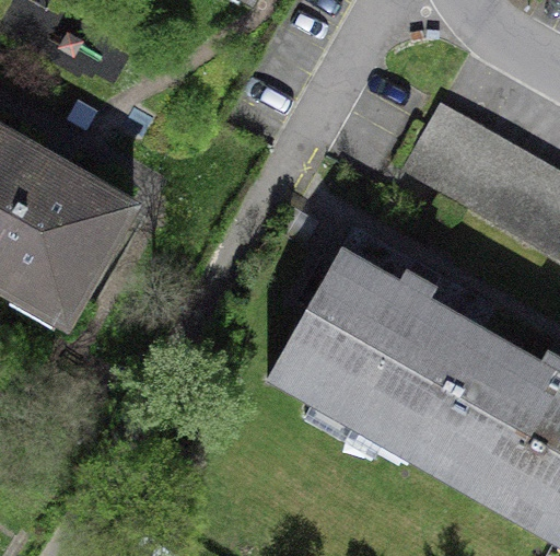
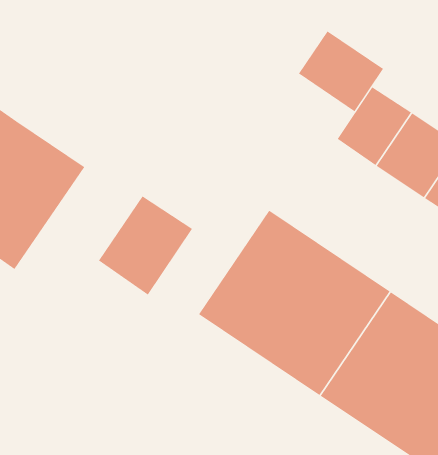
building: none -> [298,30,384,112]
building: none -> [98,195,193,296]

